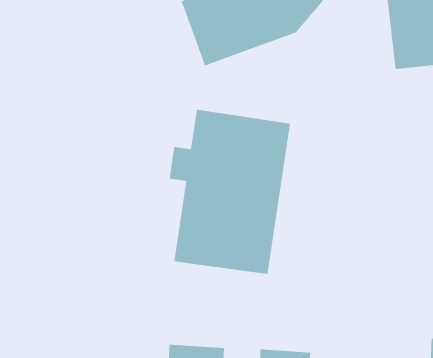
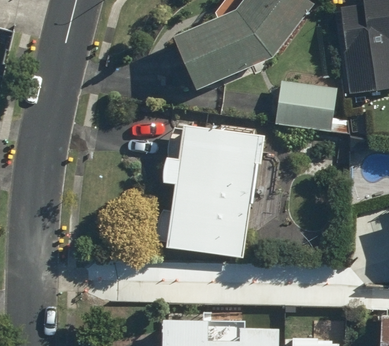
building: none -> [277,80,349,132]

